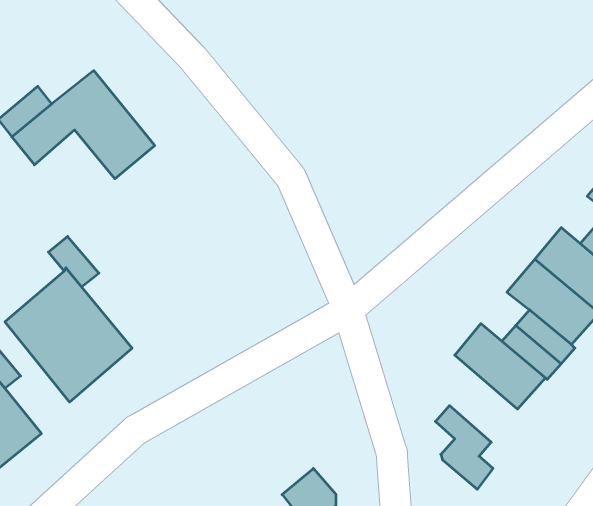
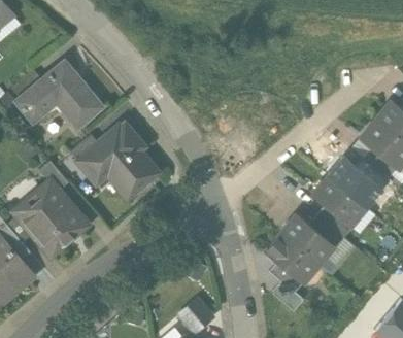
building: none -> [78,130,158,199]
building: none -> [263,232,316,283]

